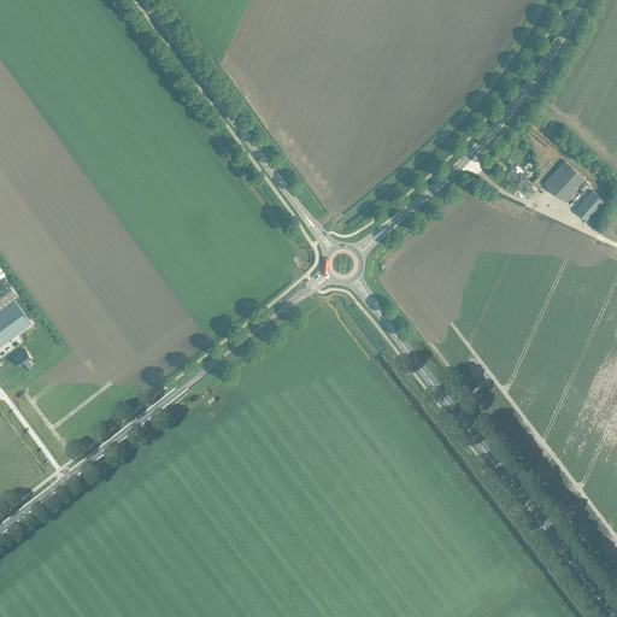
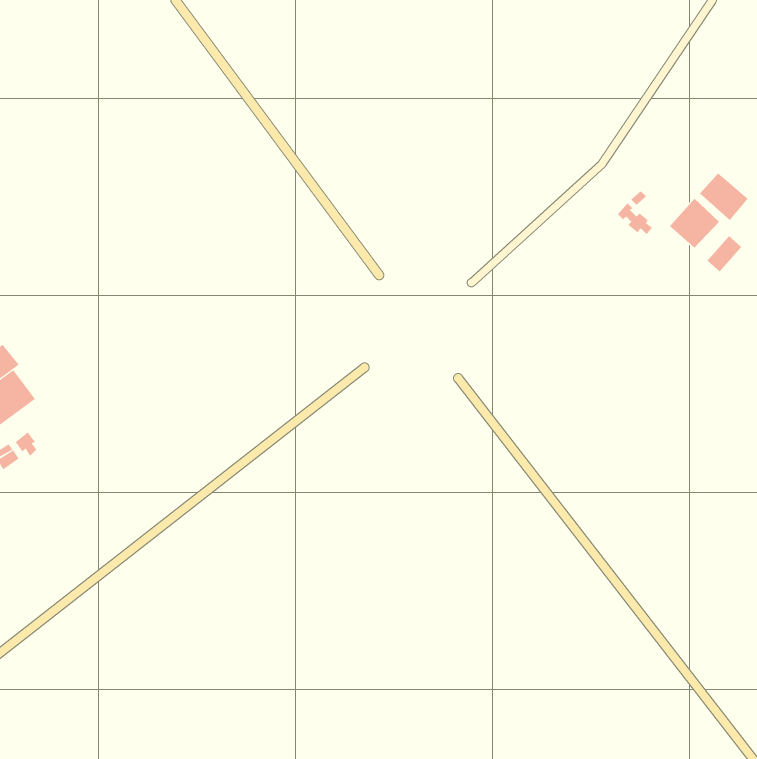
building: none -> [699,173,748,221]

